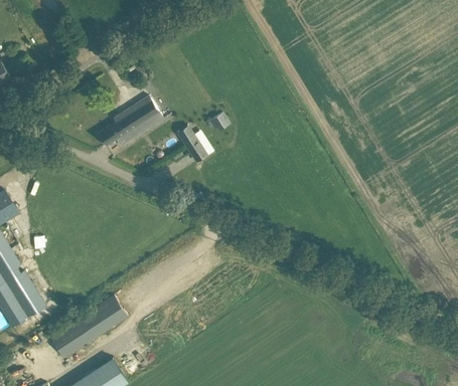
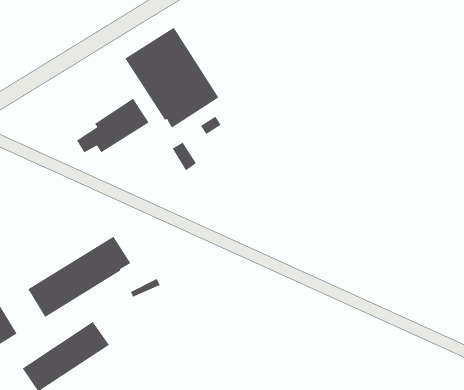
building: none -> [125,27,219,128]
building: none -> [27,236,131,318]

